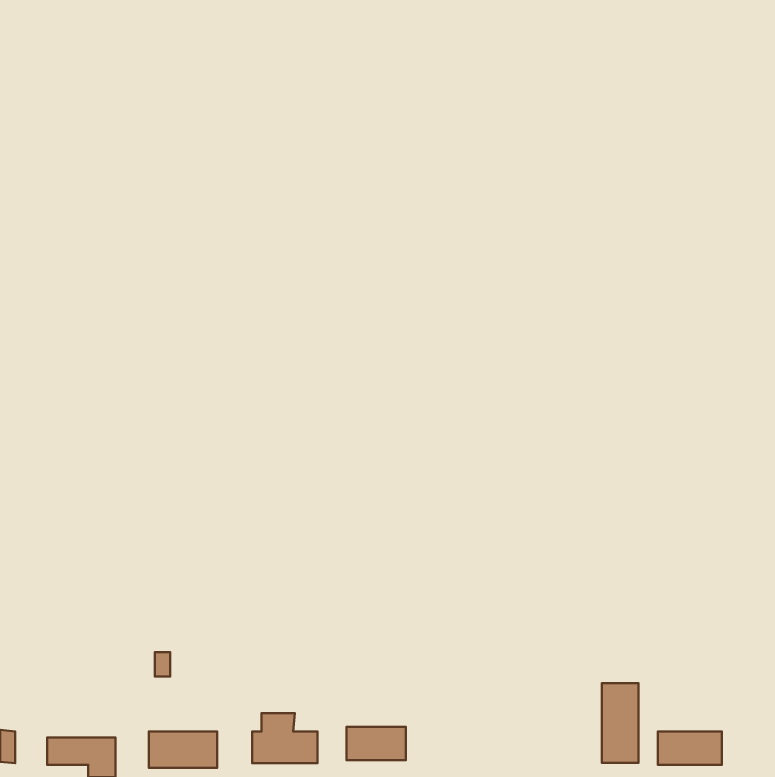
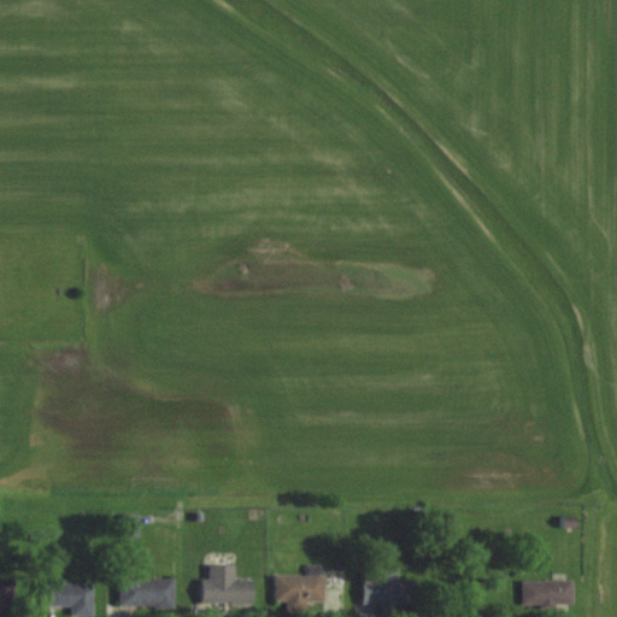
building: [602,683,638,763] -> none
building: none -> [363,569,413,606]

